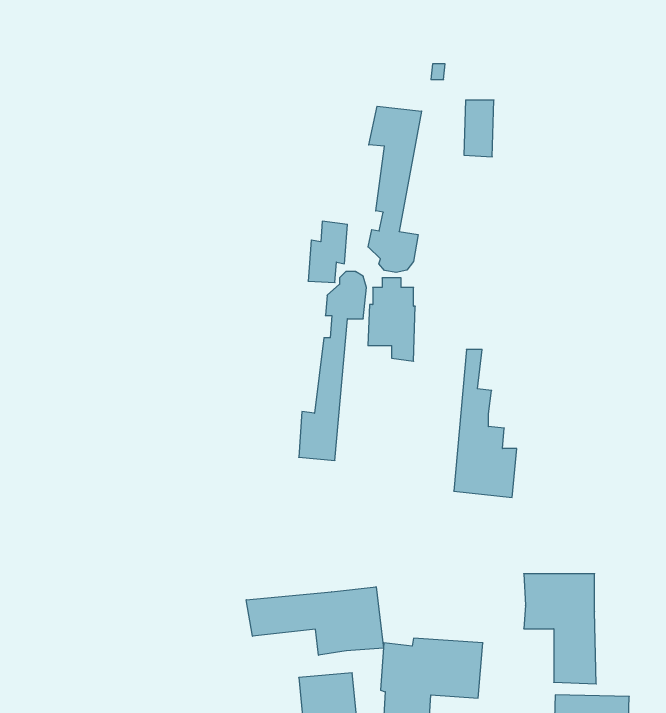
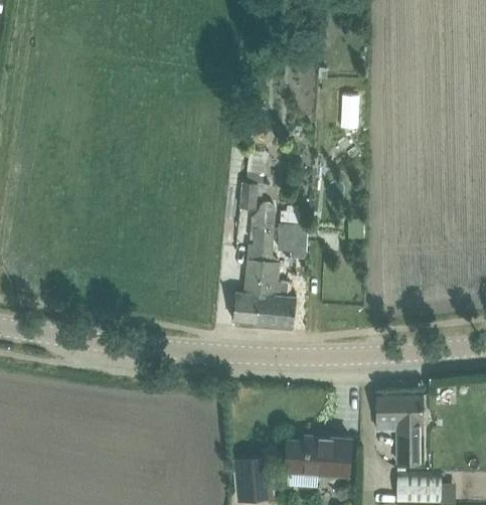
building: [368,106,422,272] -> none
building: [454,349,517,497] -> [257,232,297,327]
building: [246,587,383,655] -> none

